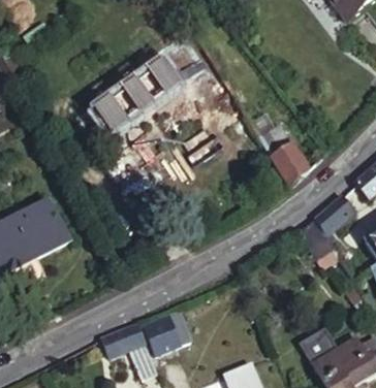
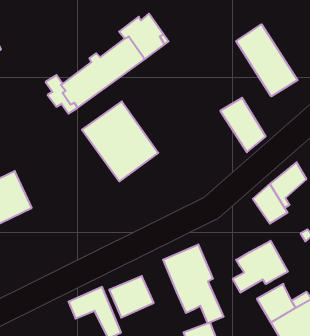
building: none -> [236,24,298,96]
building: none -> [82,101,158,181]
building: none -> [233,241,288,293]
building: none -> [163,244,224,323]

